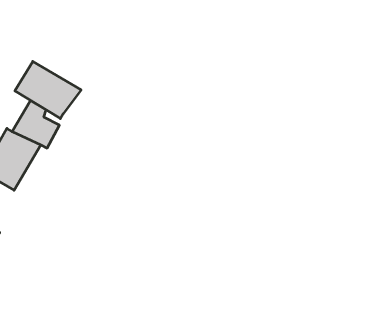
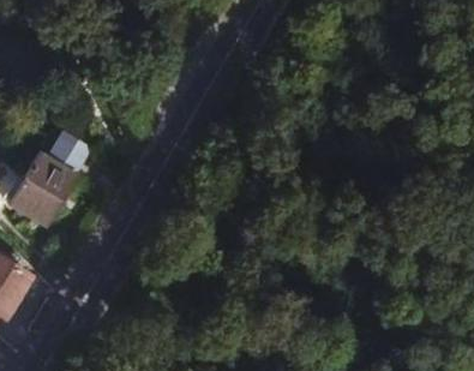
building: [15,61,81,119] -> none

